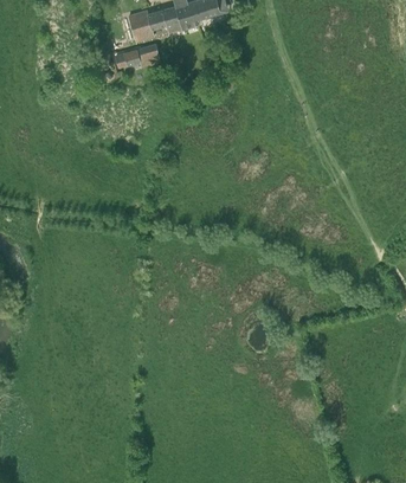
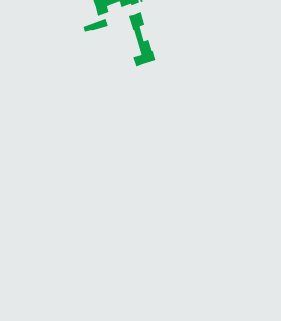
building: none -> [128,11,156,68]

